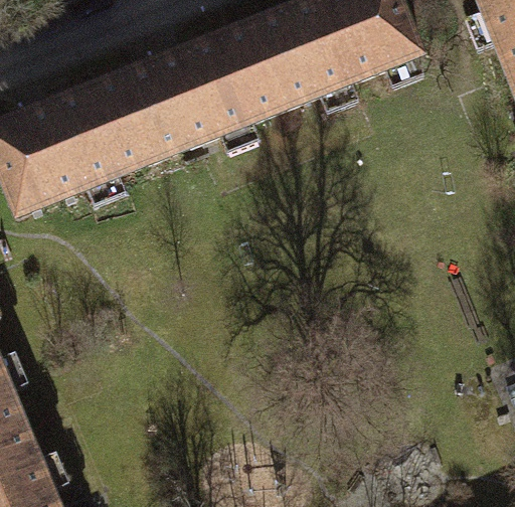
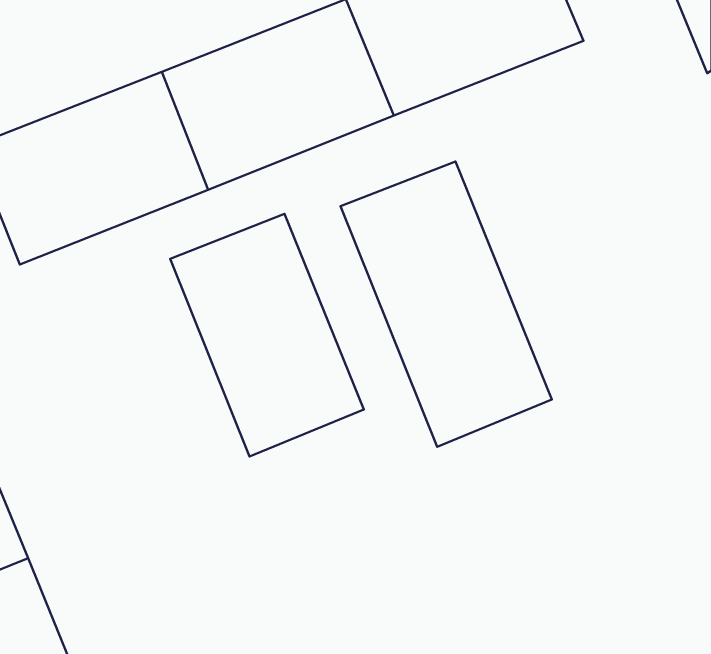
building: none -> [340,161,552,447]
building: none -> [170,214,364,456]

